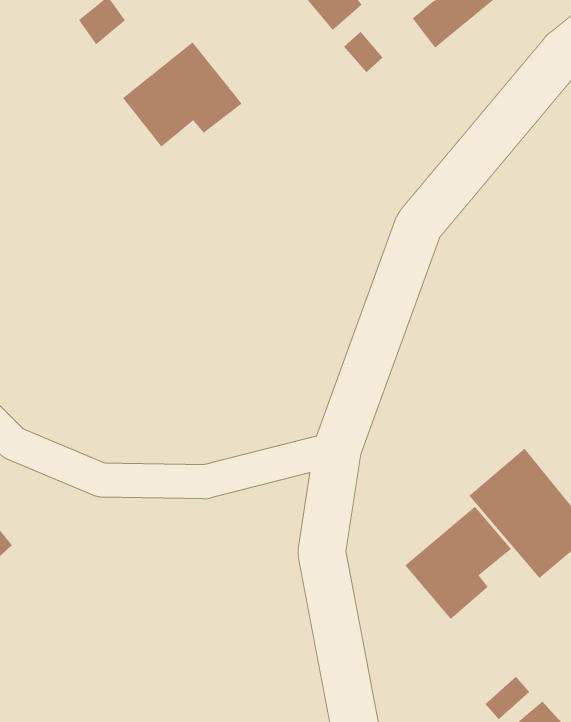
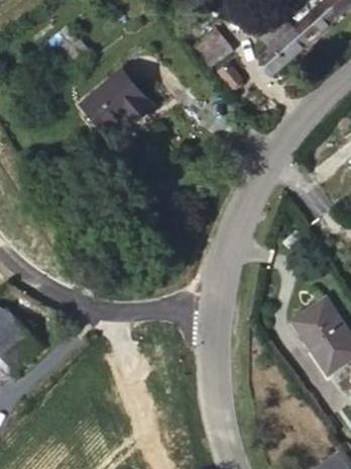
building: [405,506,512,620] -> none

